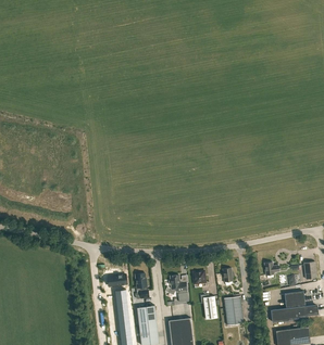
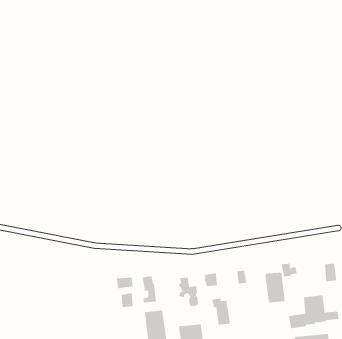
building: [224,296,244,324] -> [264,272,286,303]

